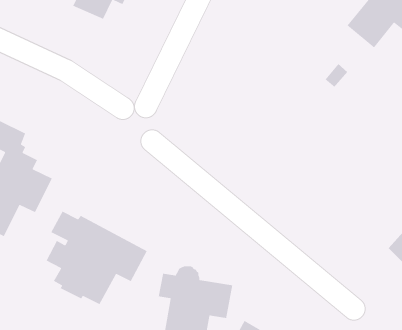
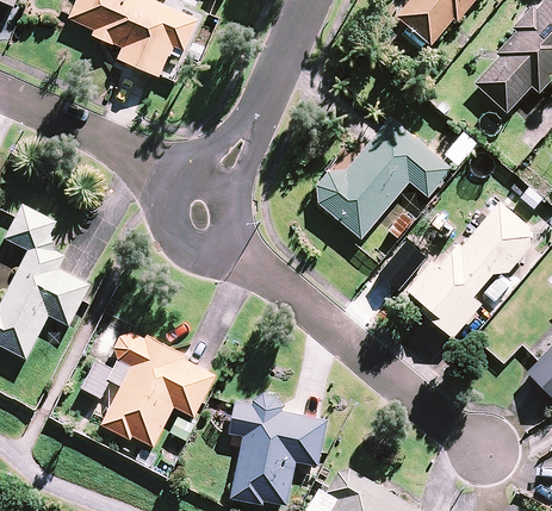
building: none -> [316,119,451,238]
building: none -> [407,202,538,338]

